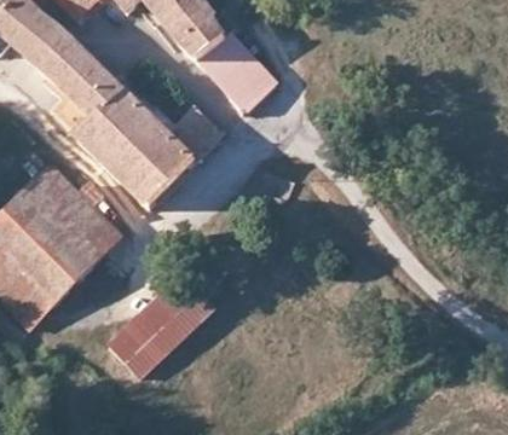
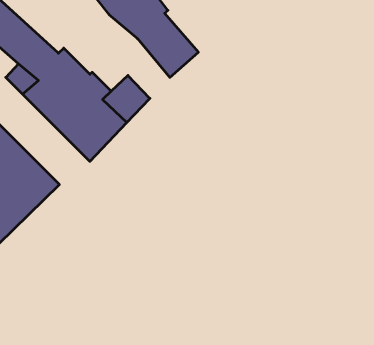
building: [109,277,213,378] -> none

